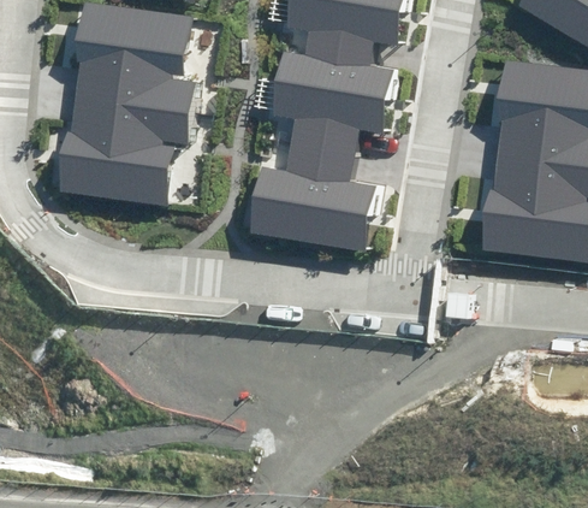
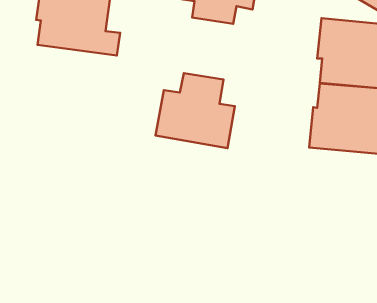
building: [271,49,400,147] -> none
building: [58,95,195,205] -> none

